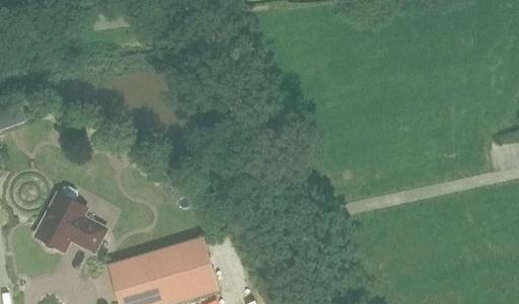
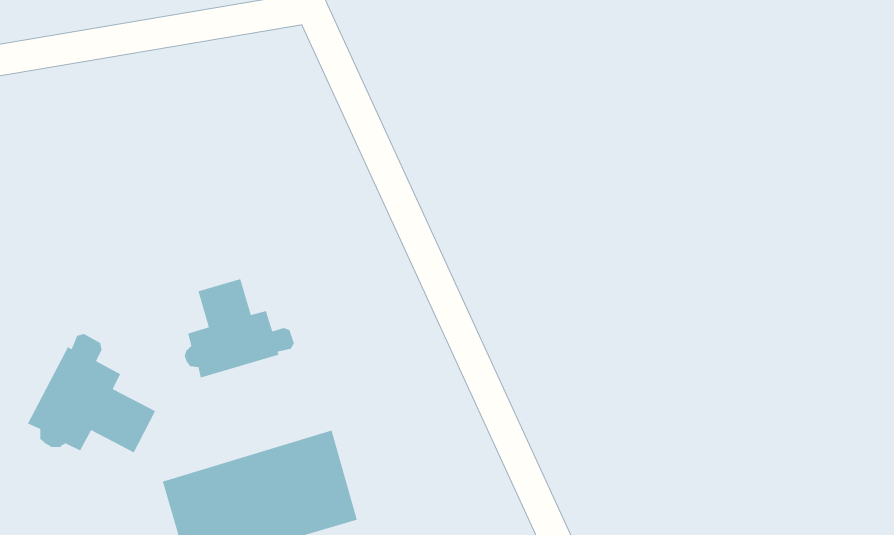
building: none -> [184,278,295,379]

